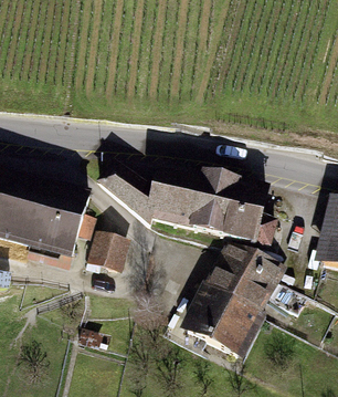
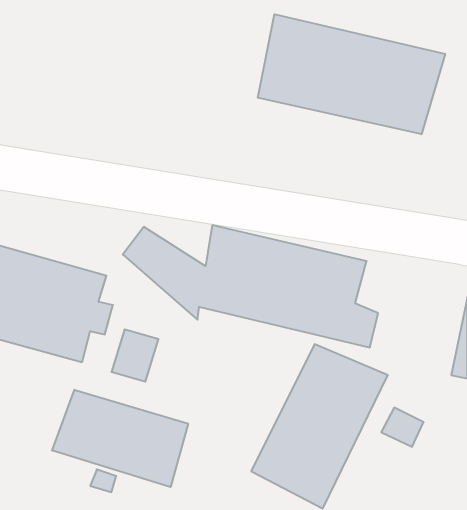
building: none -> [258,14,445,134]
building: none -> [52,390,188,487]

